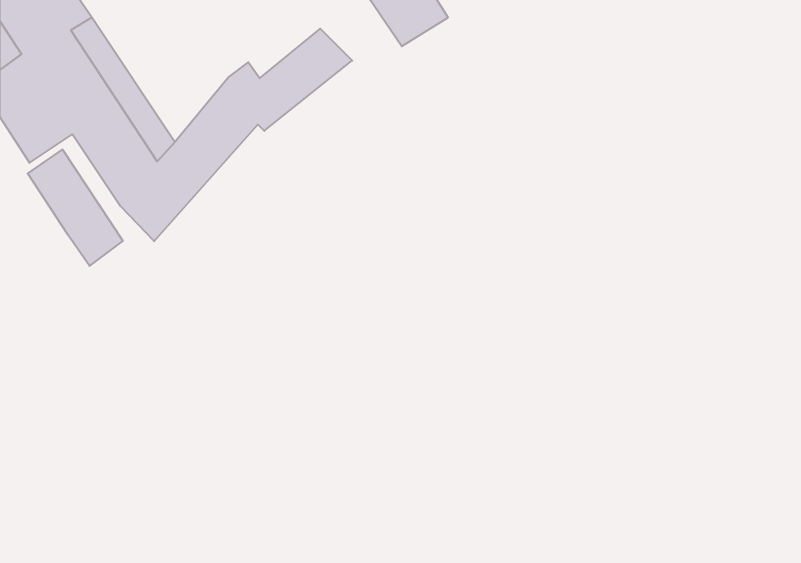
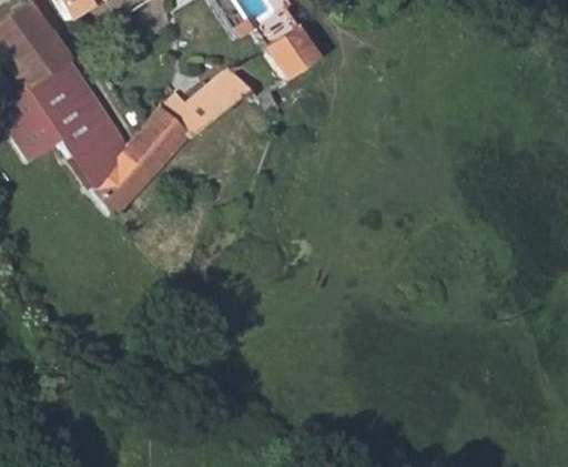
building: [28,149,123,266] -> none

